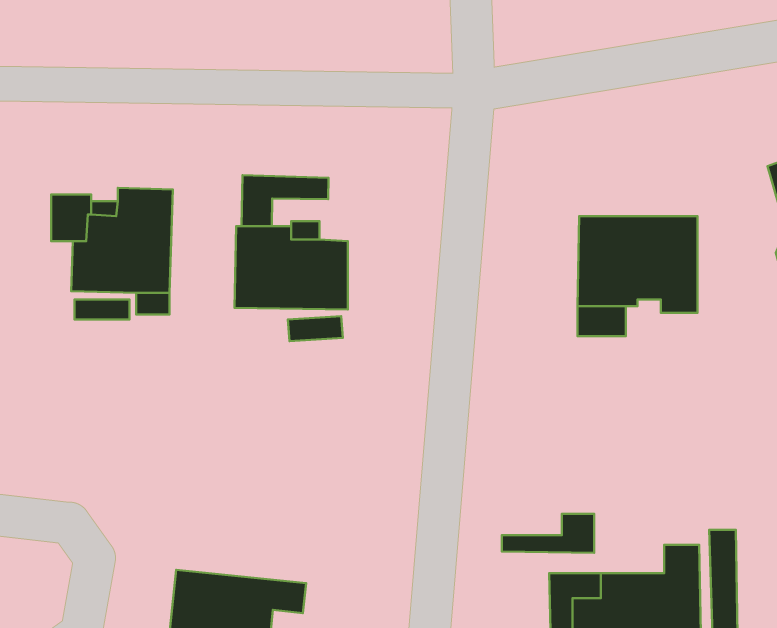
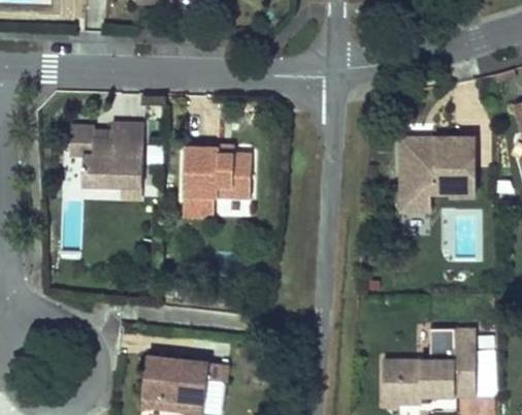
building: [242,175,329,226] -> none
building: [502,514,594,553] -> none

